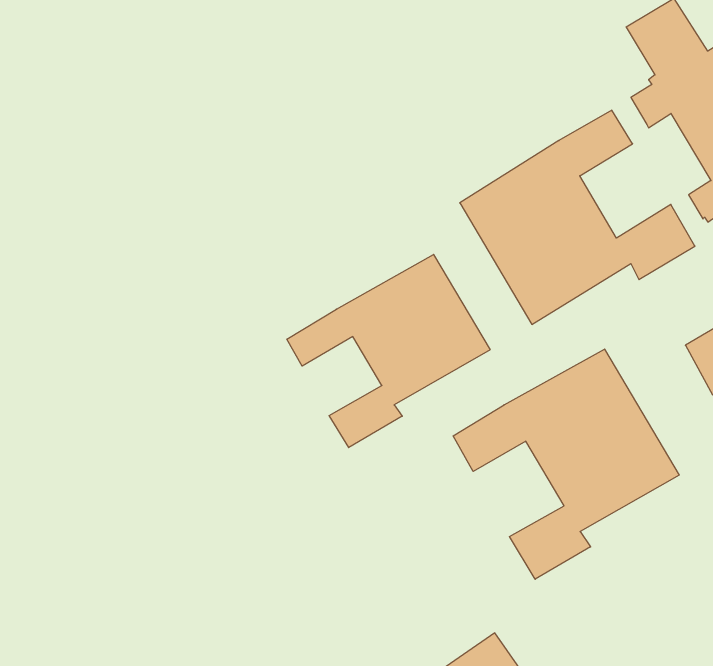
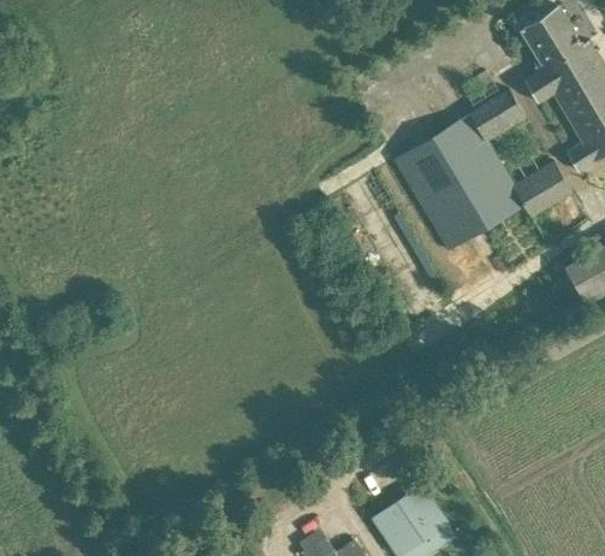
building: [287,254,490,448] -> none
building: [453,349,679,579] -> none

